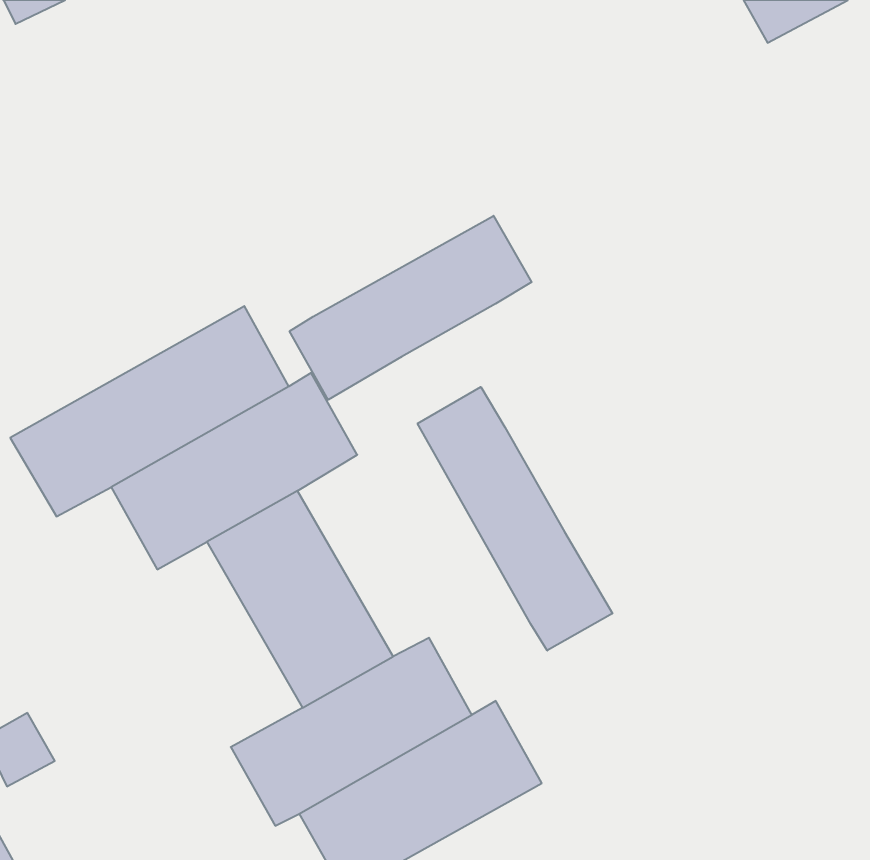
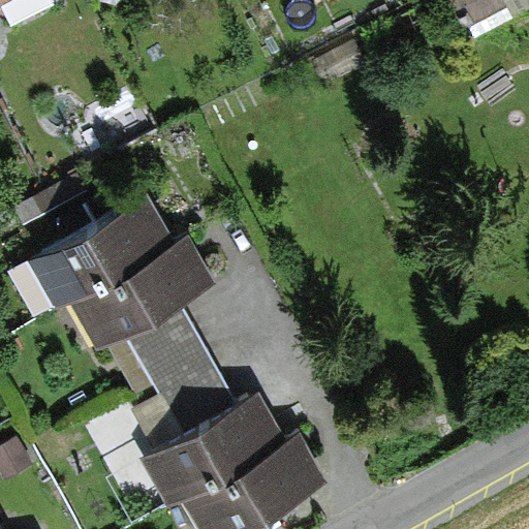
building: [290,216,532,400] -> none
building: [418,387,612,651] -> none

